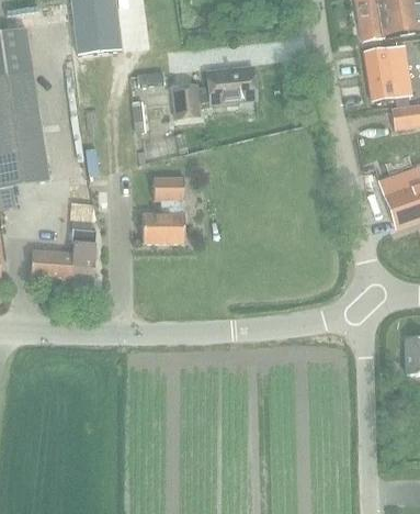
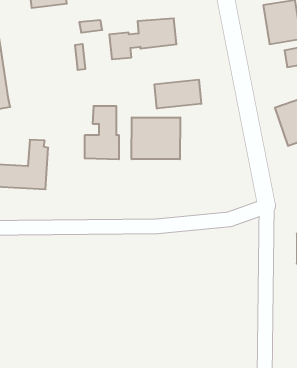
building: none -> [155,80,201,109]
building: none -> [132,117,180,159]

